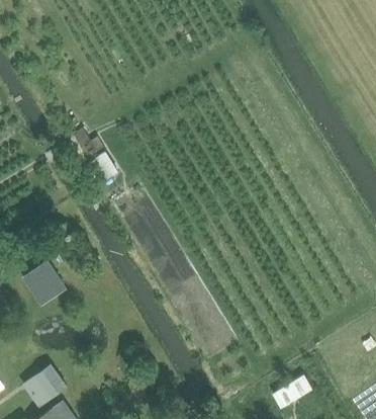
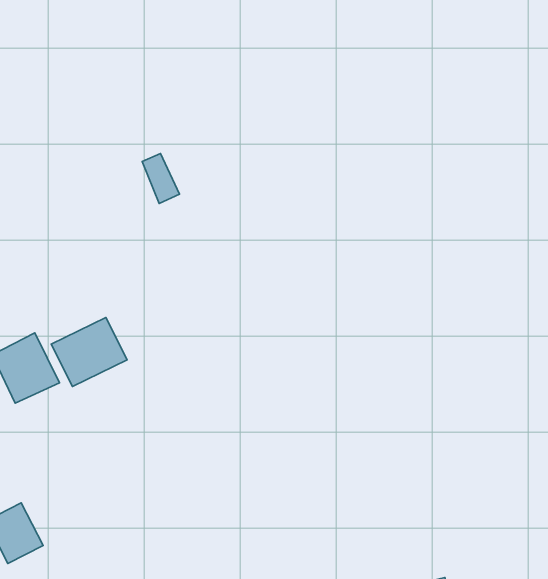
building: none -> [51,317,127,387]

